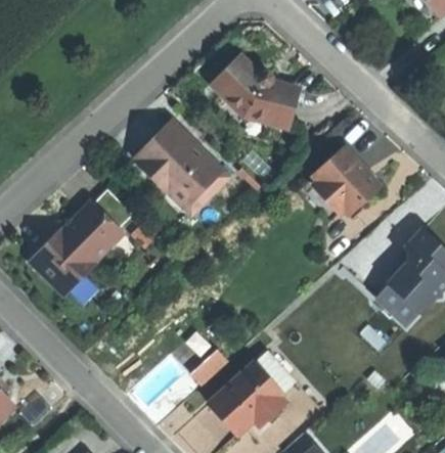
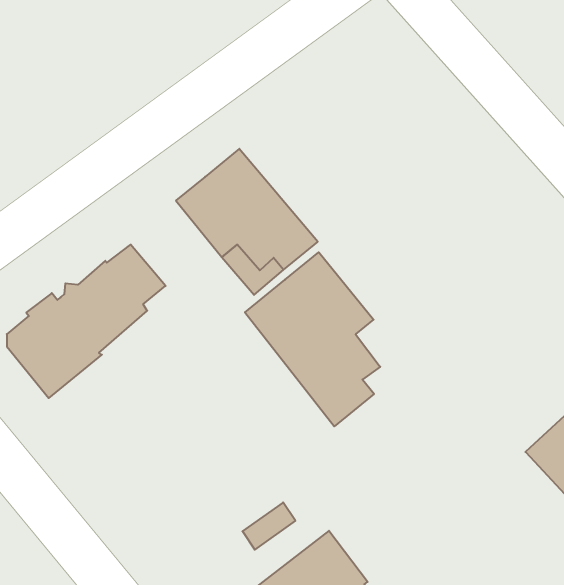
building: [212,57,295,127] -> none
building: [313,148,379,214] -> none
building: none -> [245,252,380,426]

